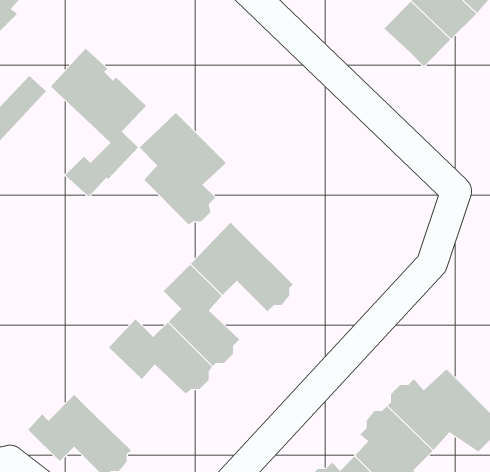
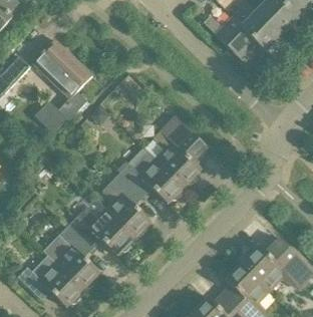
building: none -> [204,15,256,58]
building: [139,112,235,225] -> [152,115,213,186]
building: none -> [43,225,99,289]

